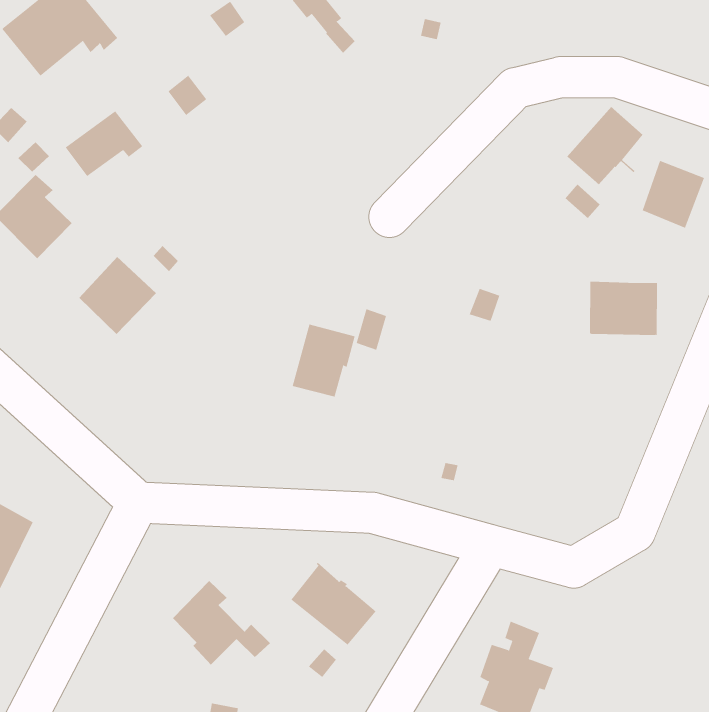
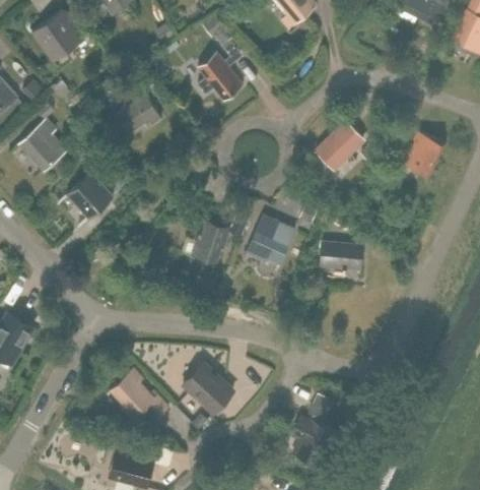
building: none -> [196,54,243,102]
building: [566,106,644,185] -> [316,122,362,169]
building: [65,110,143,177] -> [114,97,160,135]
building: [589,281,658,335] -> [319,242,361,277]
building: none -> [246,215,294,264]

